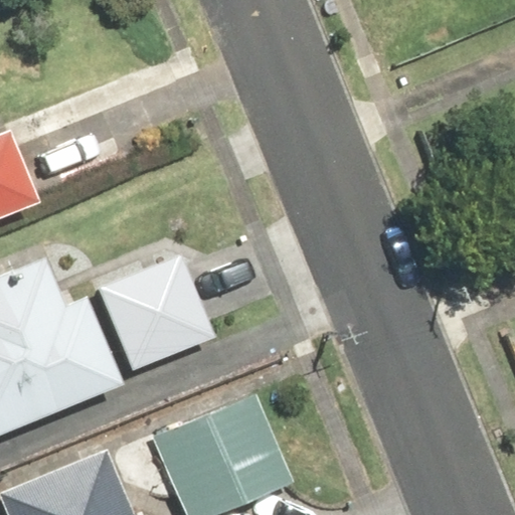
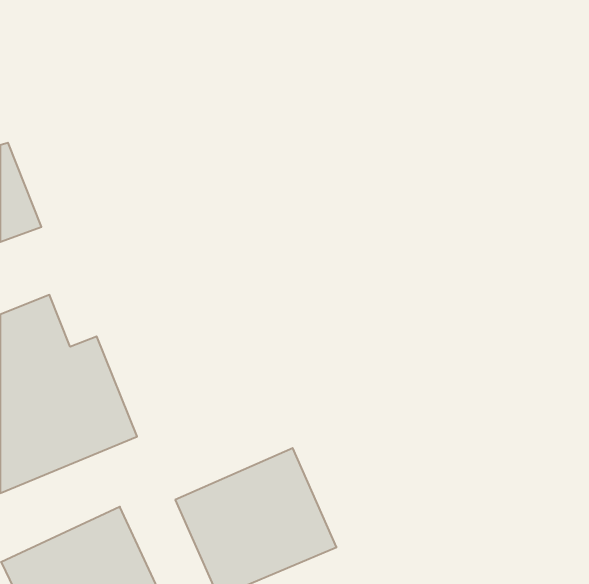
building: [99,252,216,373] -> none

